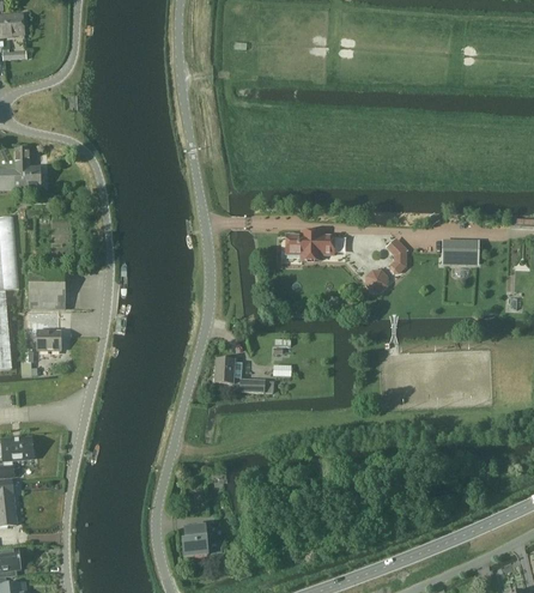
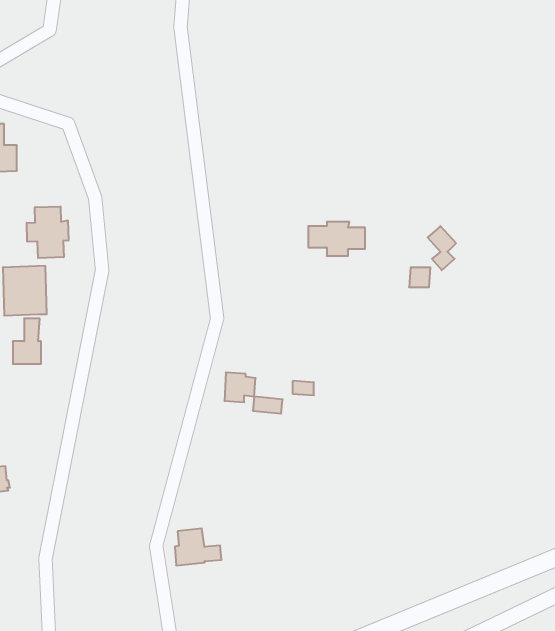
building: none -> [27,206,68,258]
building: [444,237,480,262] -> none
building: [182,526,222,557] -> [175,528,222,565]

